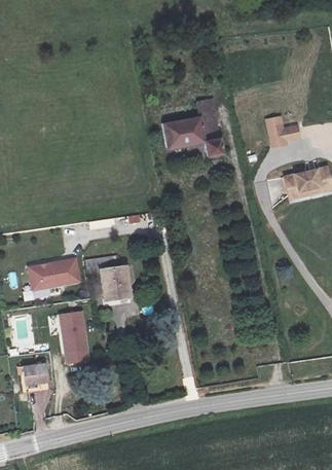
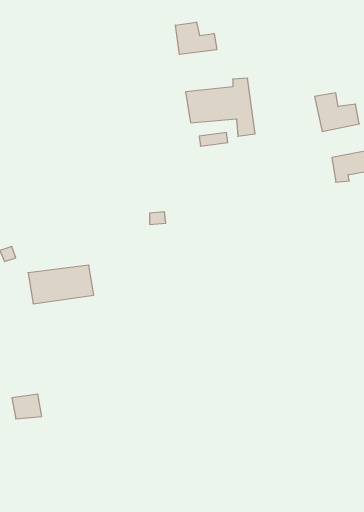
building: none -> [175,22,217,54]
building: [96,258,125,298] -> none
building: [61,311,91,364] -> none

